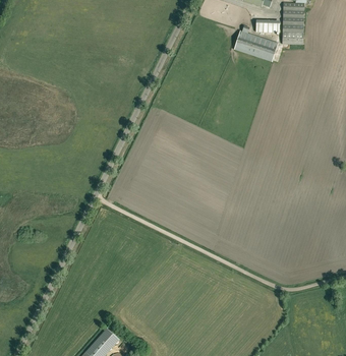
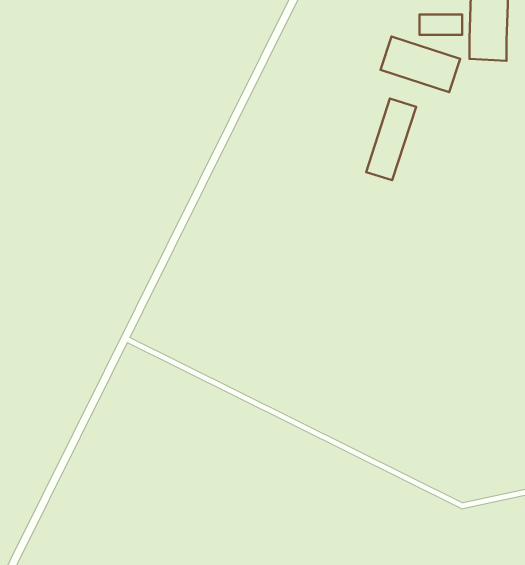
building: none -> [366,99,416,180]

